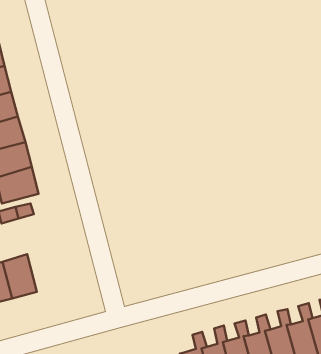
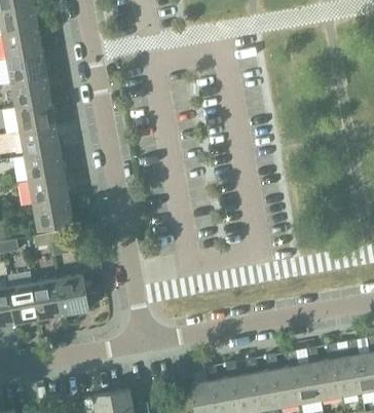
building: none -> [57,275,88,315]

